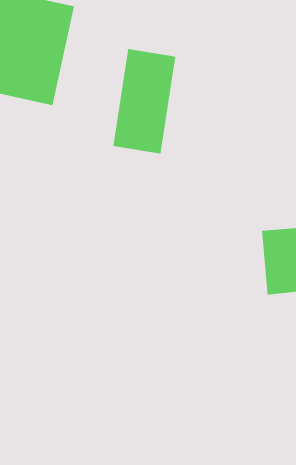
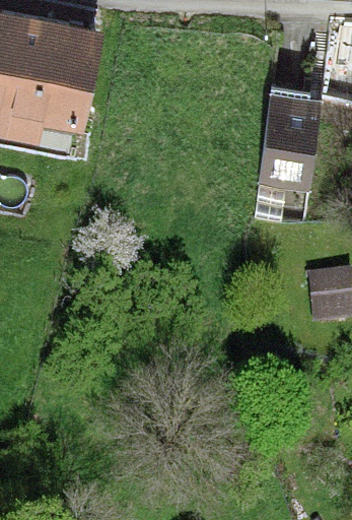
building: [112,49,176,154] -> [255,98,320,205]

